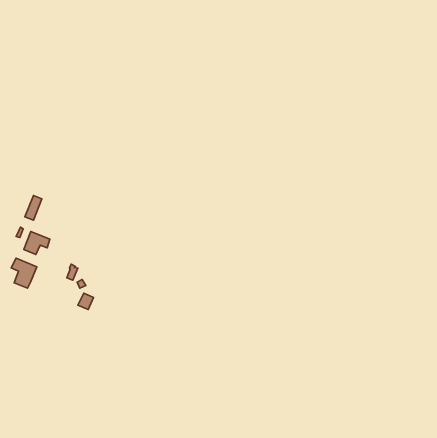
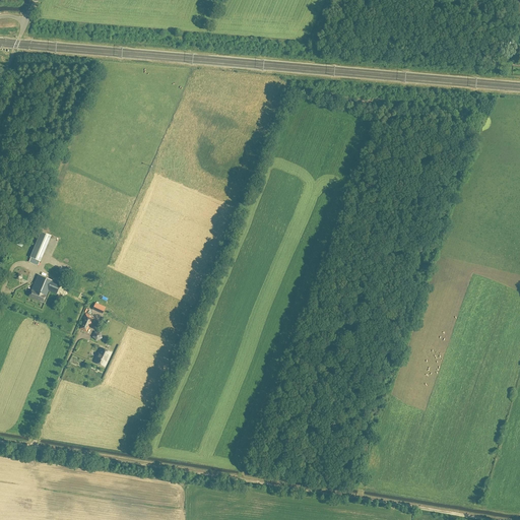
building: [11,258,37,288] -> none

